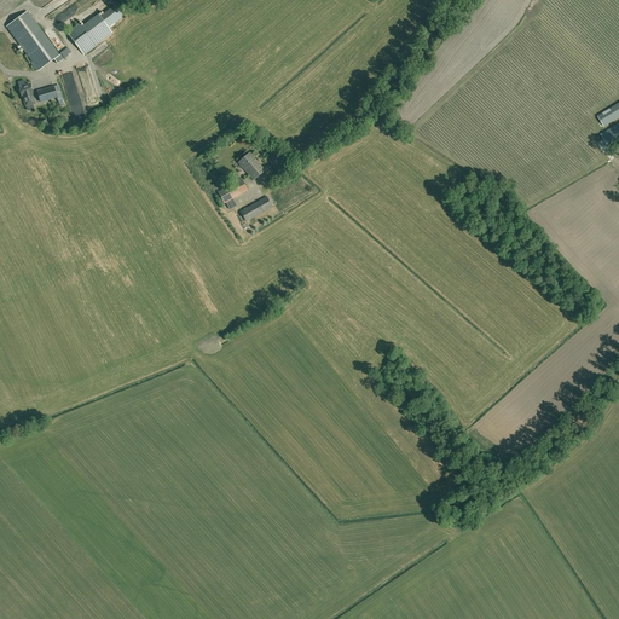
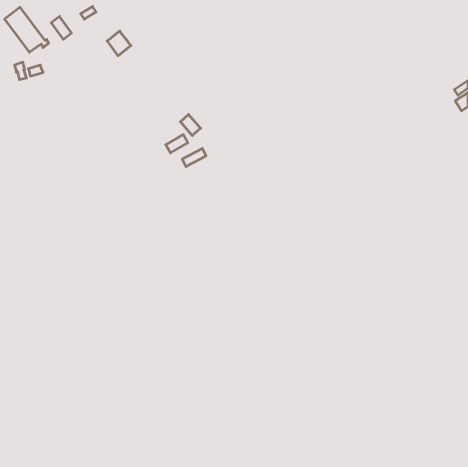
building: [81,12,112,45] -> [107,31,131,56]

